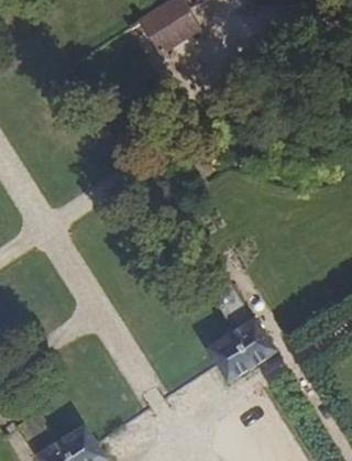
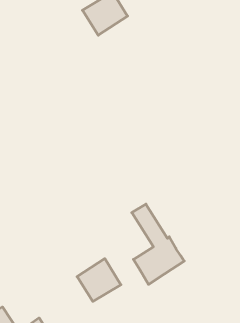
building: none -> [77,259,121,301]

